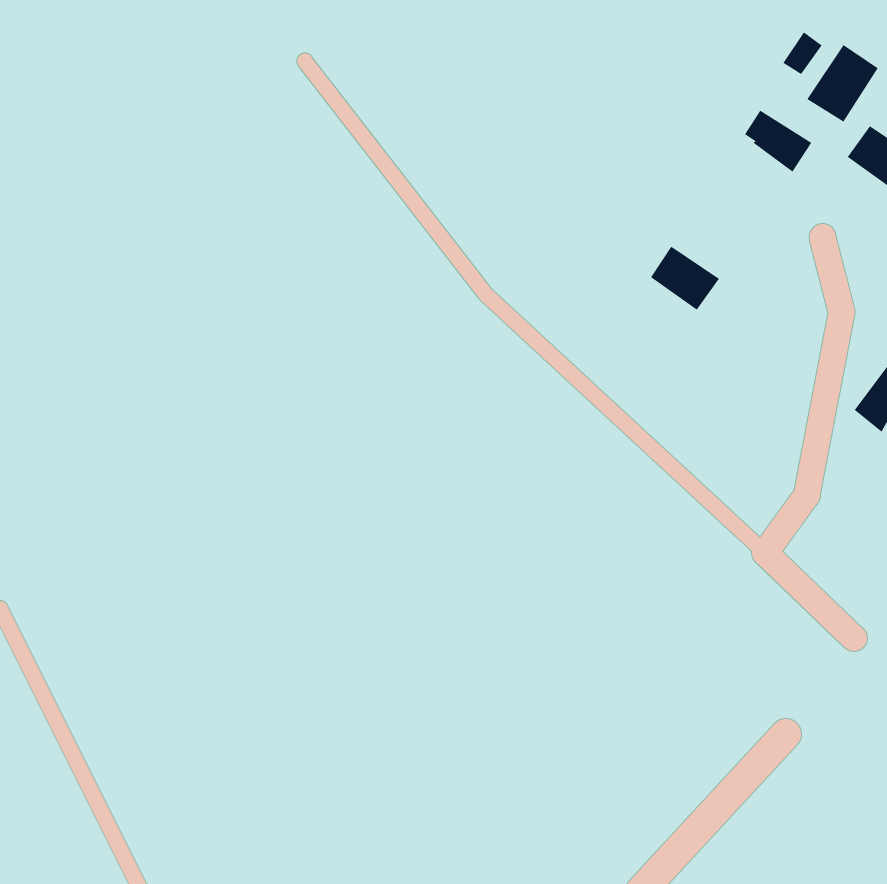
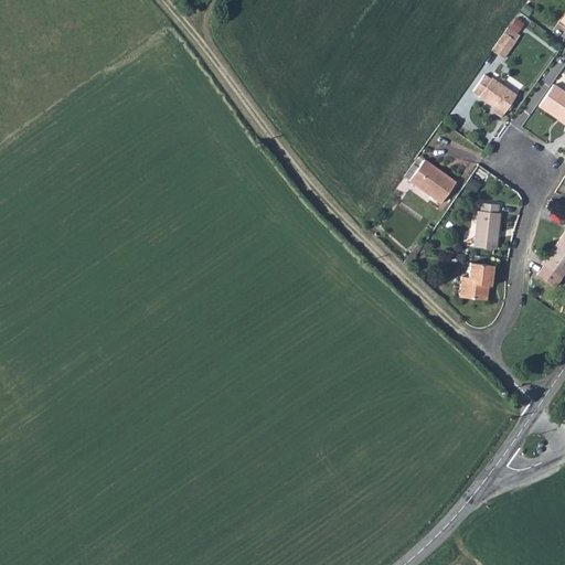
building: [807,44,879,123] -> none
building: none -> [473,205,501,250]
building: none -> [461,266,494,303]

